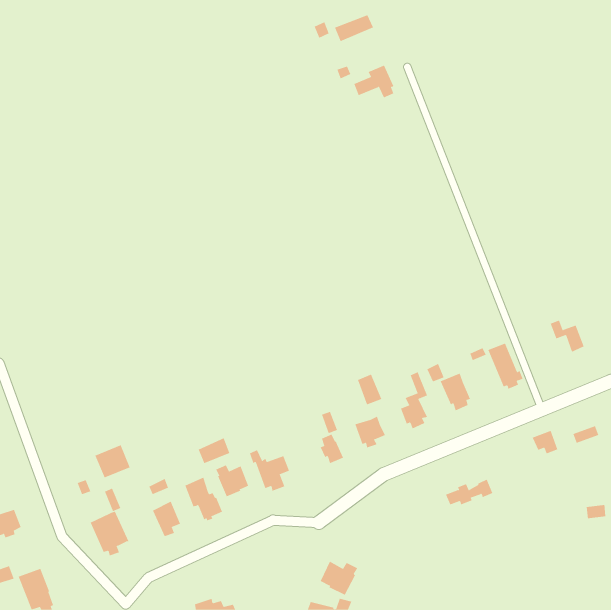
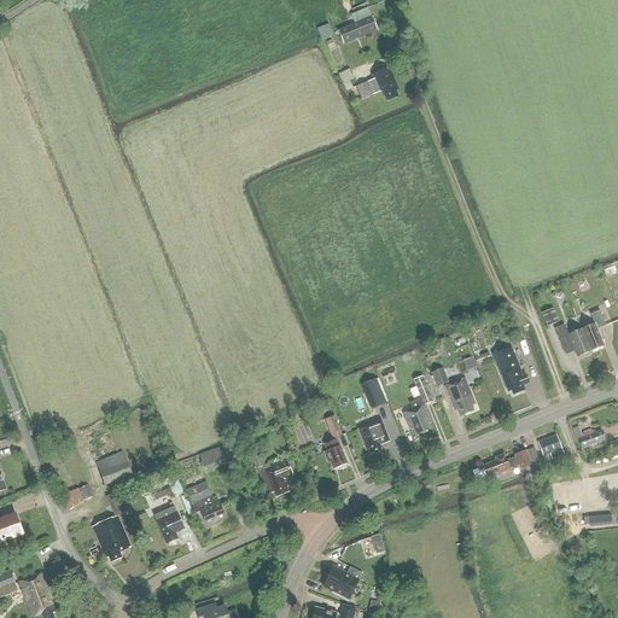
building: none -> [581,308,605,349]
building: [215,465,249,497] -> none
building: [445,479,493,505] -> [482,448,530,474]

